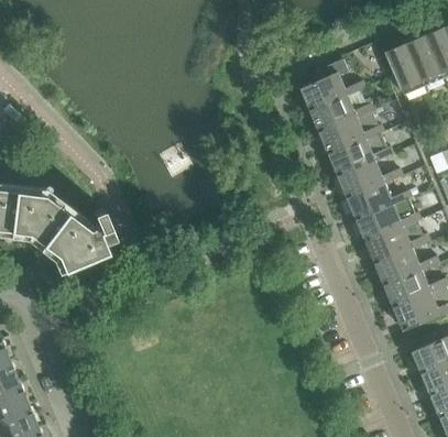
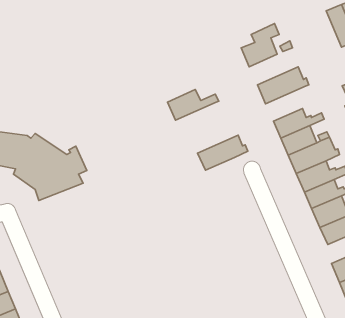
building: [386,43,425,96] -> none
building: [313,96,375,133] -> [167,90,219,120]
building: [332,134,394,177] -> [197,135,248,170]

